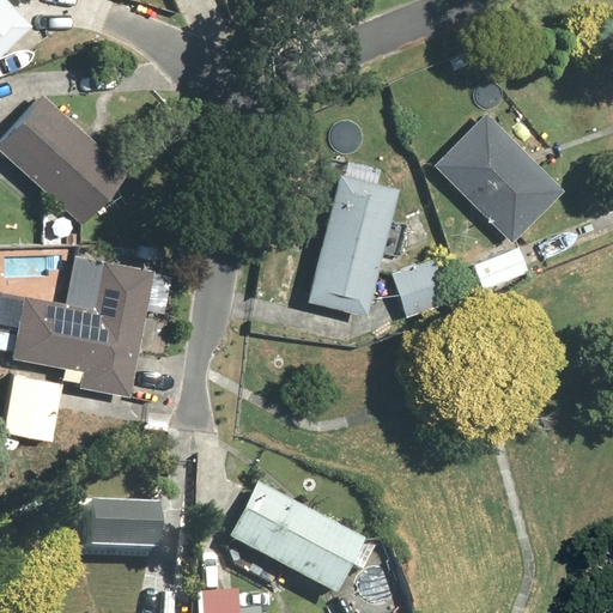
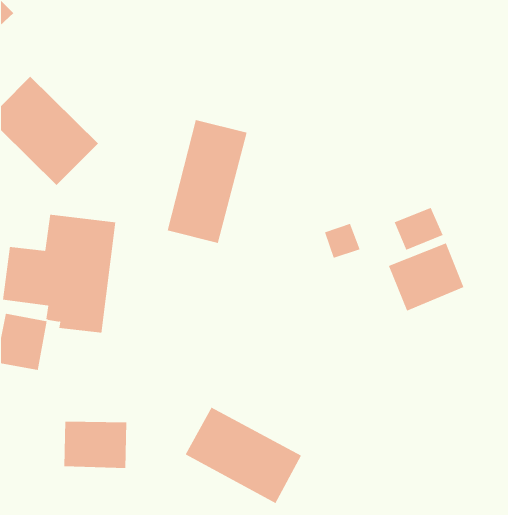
building: [432,109,564,243] -> none
building: [305,171,401,318] -> [167,119,248,244]
building: none -> [388,243,464,311]

